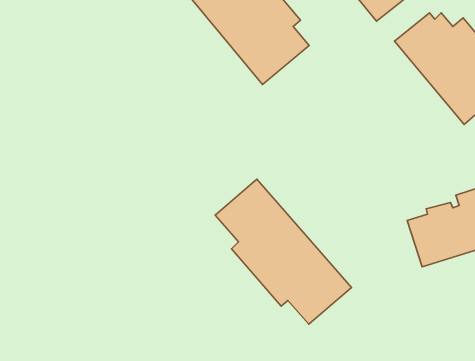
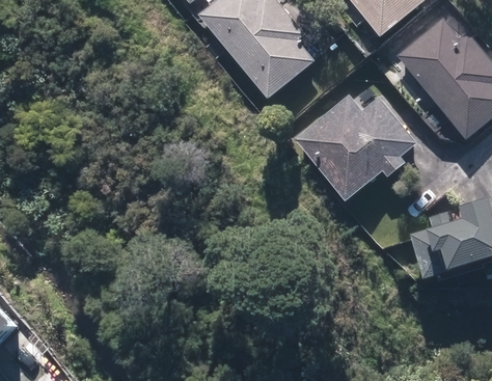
building: none -> [294,79,416,200]
building: [215,179,351,324] -> none

